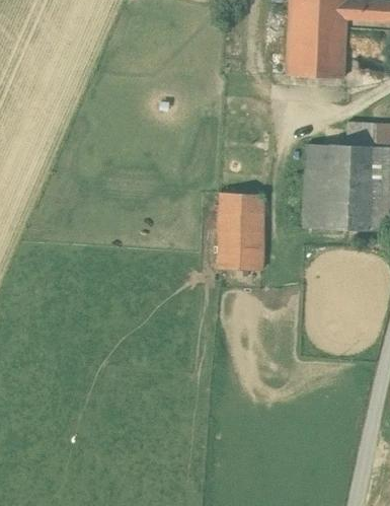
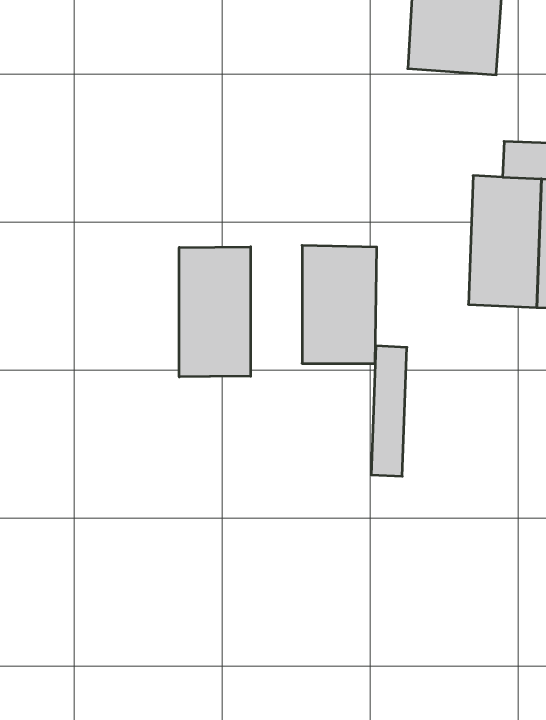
building: [305,143,328,228] -> [371,346,407,476]
building: none -> [179,247,251,377]

